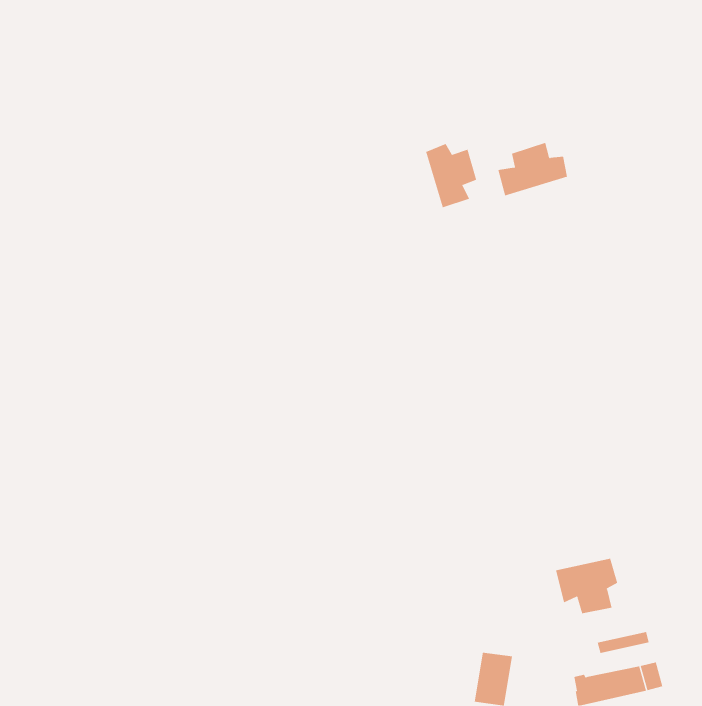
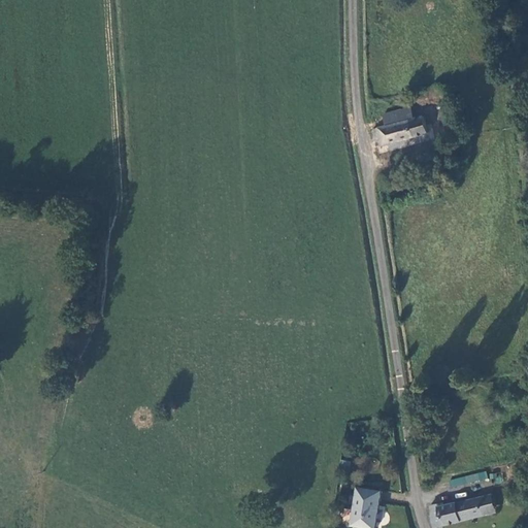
building: [425,143,477,208] -> none
building: [555,558,618,614] -> none

